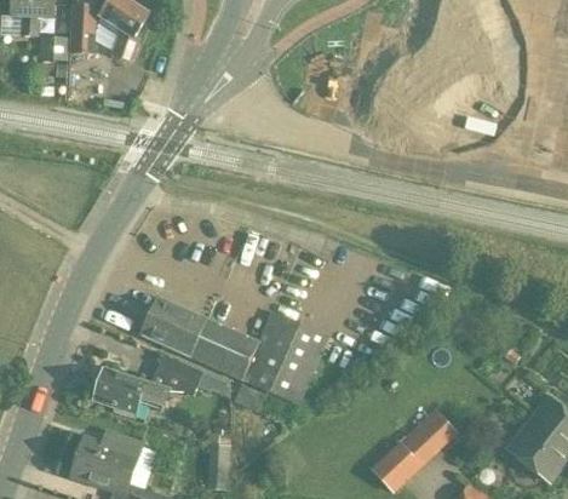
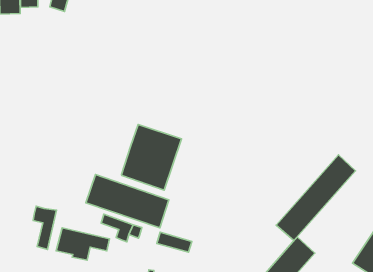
building: none -> [276,155,355,240]
building: [240,309,328,405] -> [122,124,181,190]
building: none -> [33,206,56,250]

